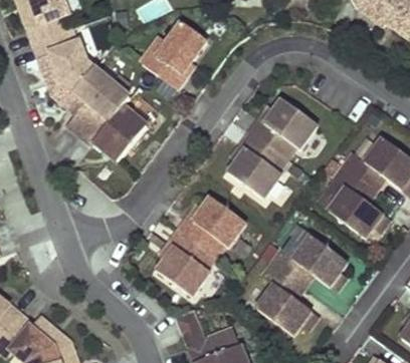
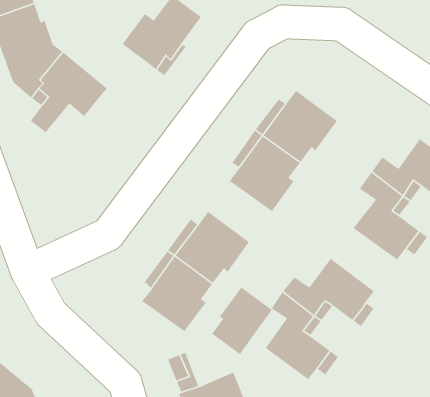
building: [79,105,146,160] -> none
building: none -> [211,287,273,355]

